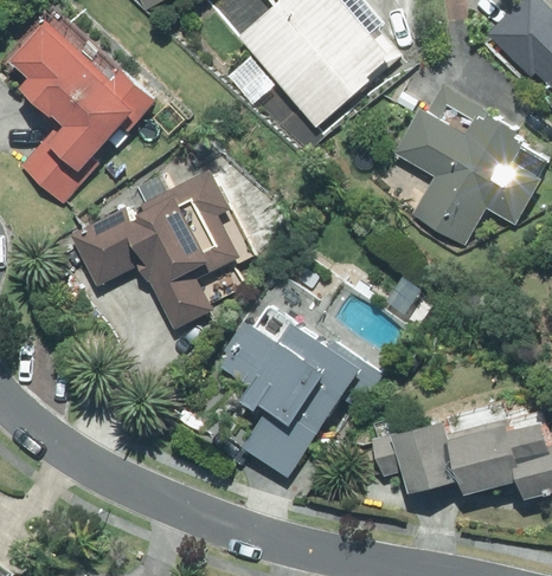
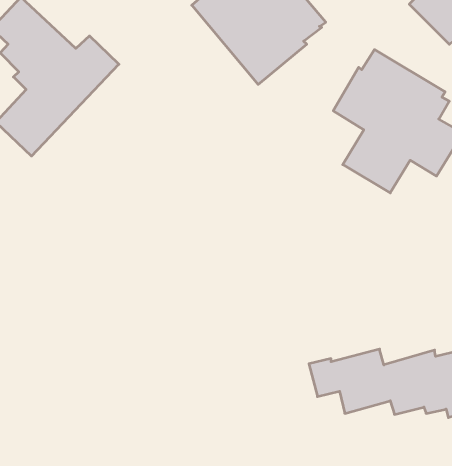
building: [69,169,252,331] -> none
building: [226,305,373,472] -> none

